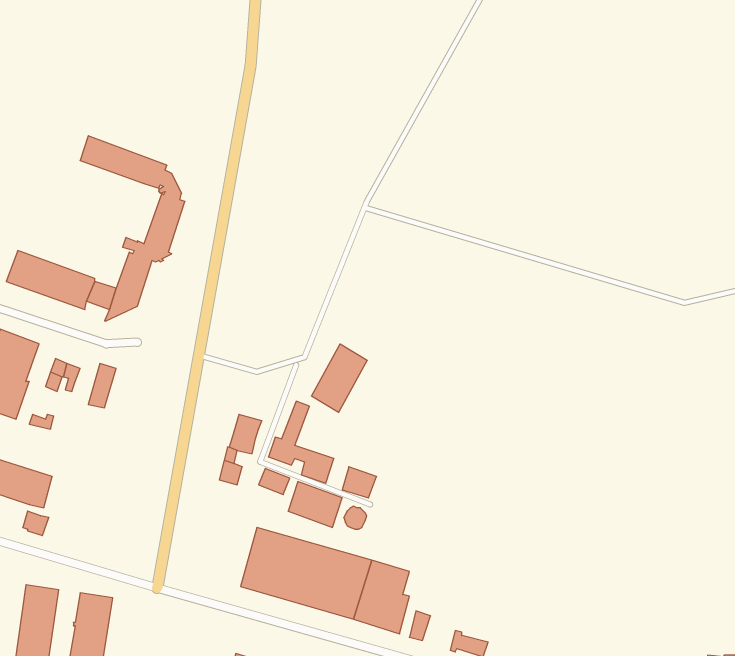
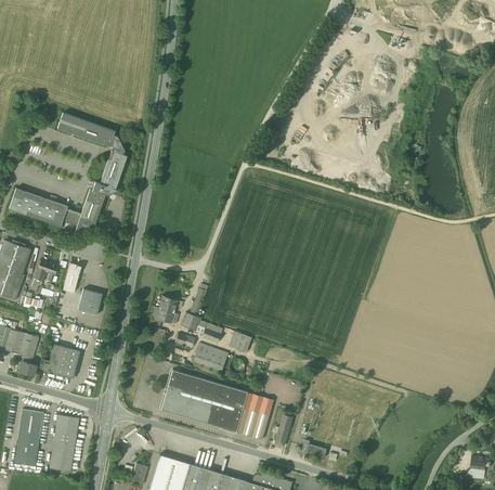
building: [311,344,367,412] -> none
building: none -> [77,288,102,314]
building: none -> [41,344,79,377]

